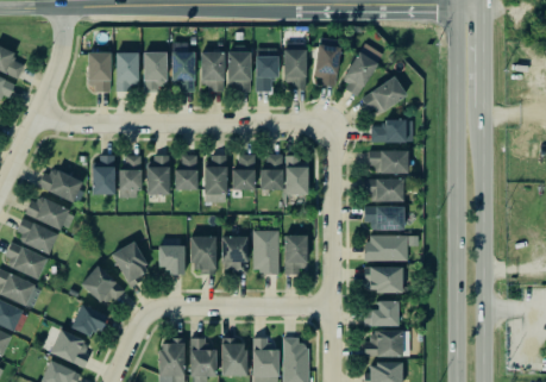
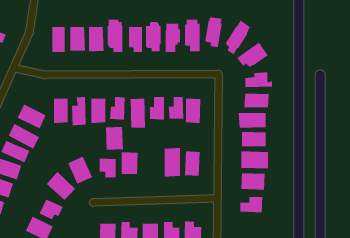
building: [221,236,249,271] -> [105,126,124,151]
building: [365,331,403,357] -> none

